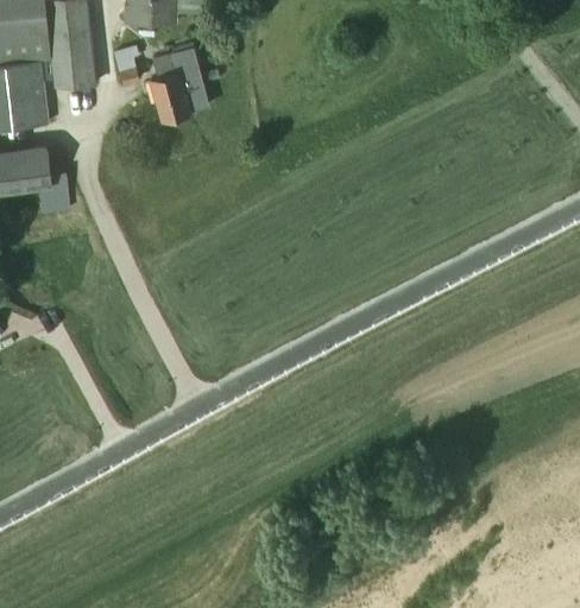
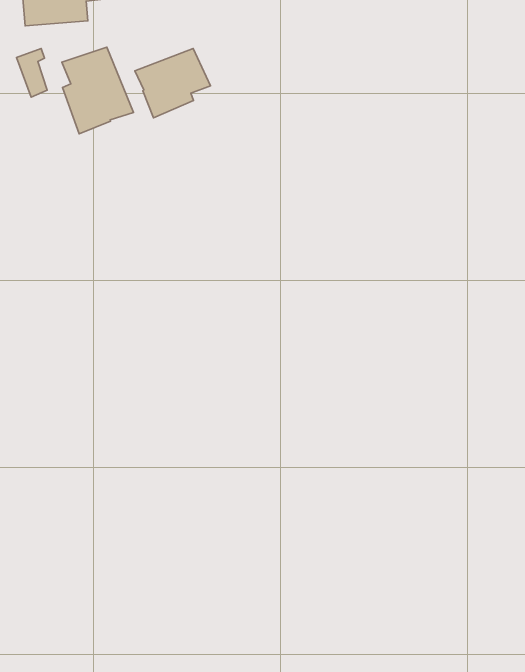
building: none -> [135,49,210,118]

